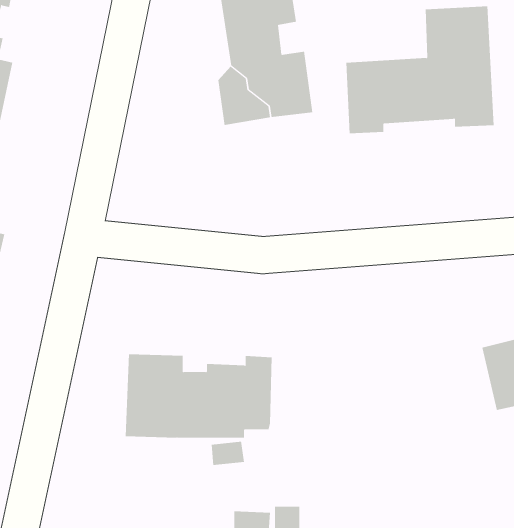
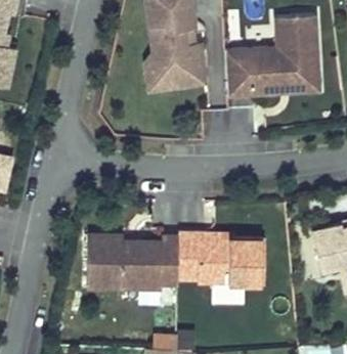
building: none -> [178,231,265,281]

